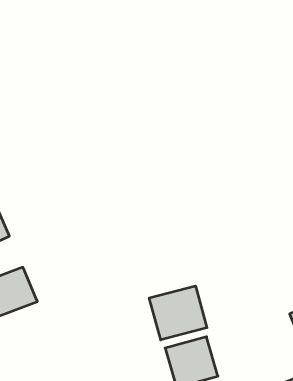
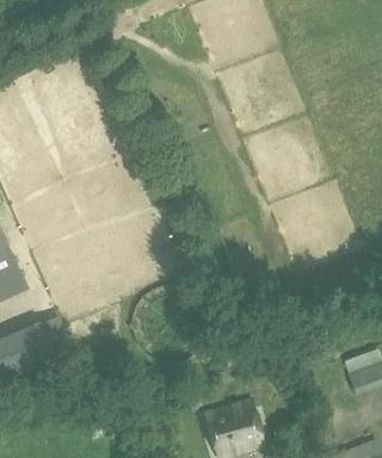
building: [149,286,207,340] -> none

